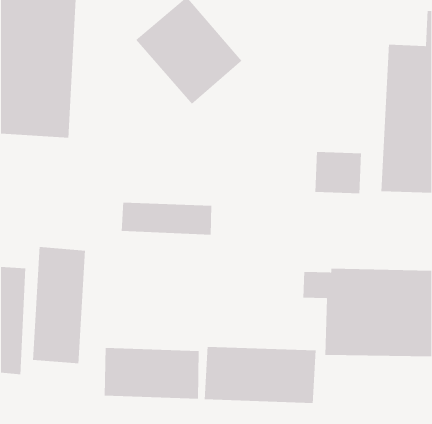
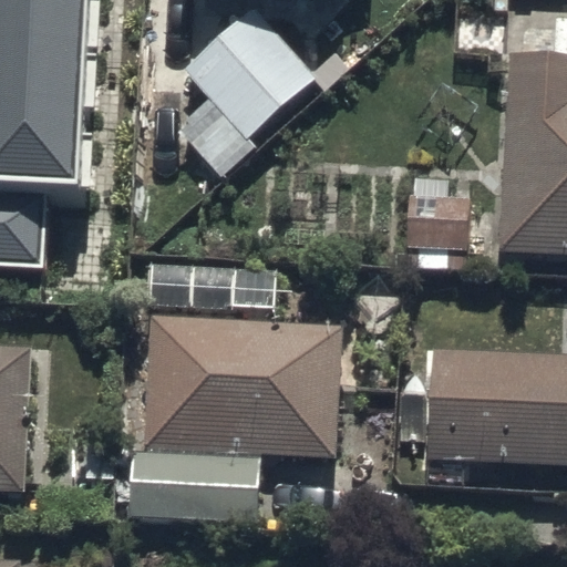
building: none -> [144,309,337,454]
building: [32,246,86,364] -> none
building: [204,346,317,404] -> none

